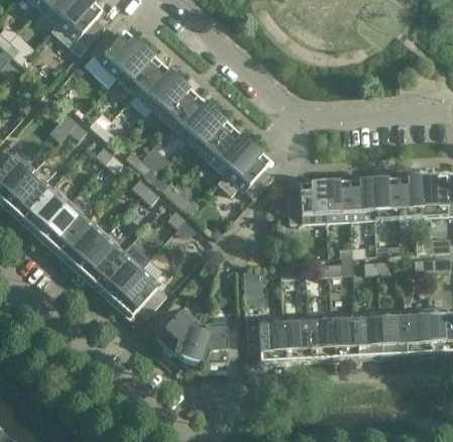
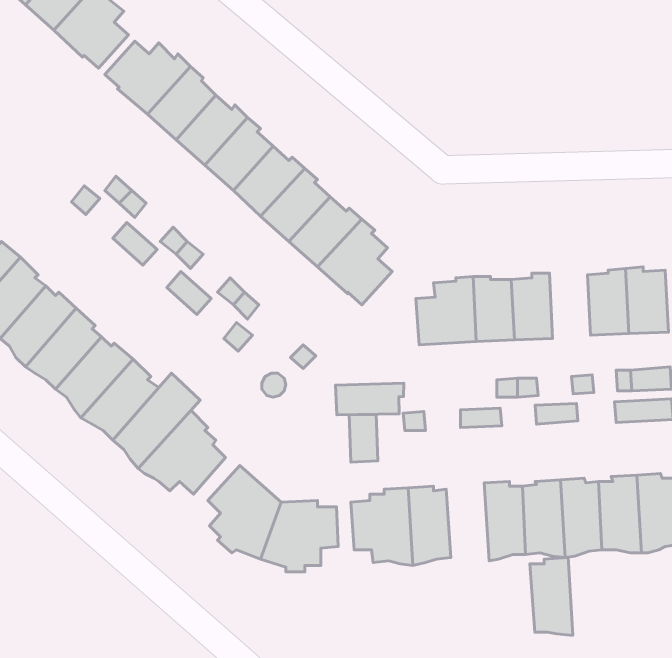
building: [371,178,398,220] -> none
building: none -> [336,383,404,415]
building: [306,312,333,361] -> [530,557,573,635]

